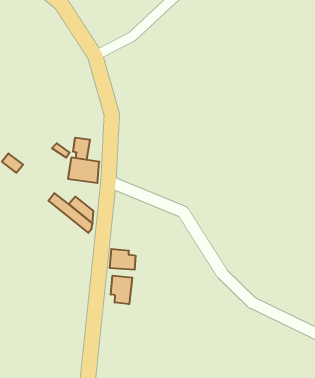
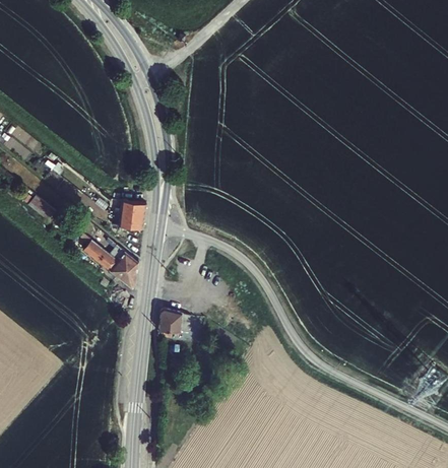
building: [73,138,90,160] -> none
building: [111,276,132,304] -> none

